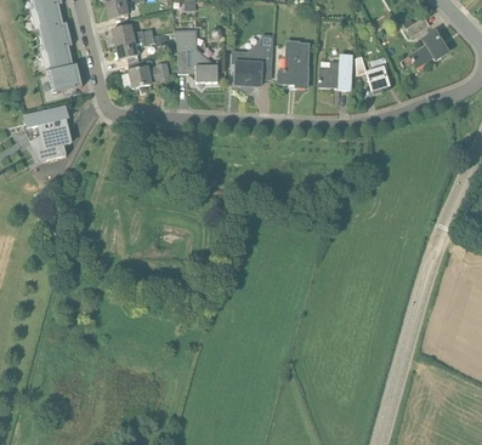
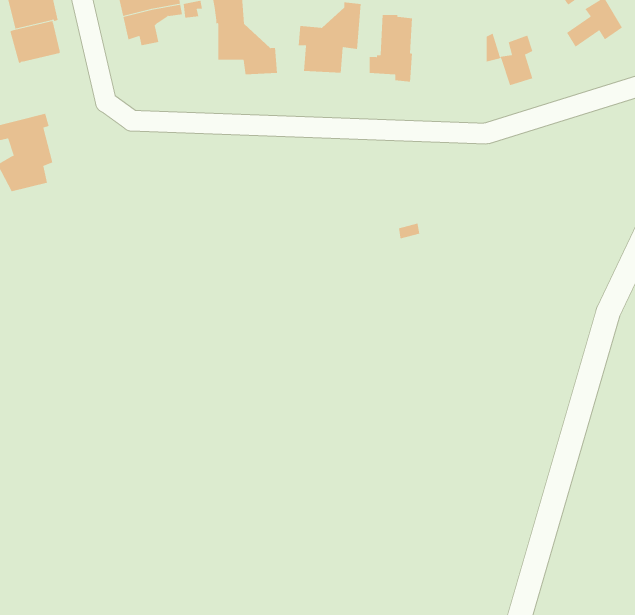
building: [319,55,351,89] -> none
building: [121,61,169,87] -> none
building: [47,65,81,98] -> none

